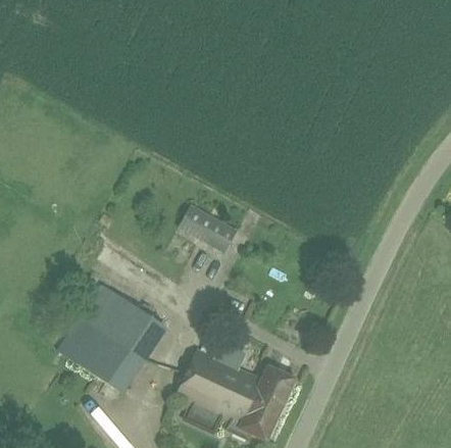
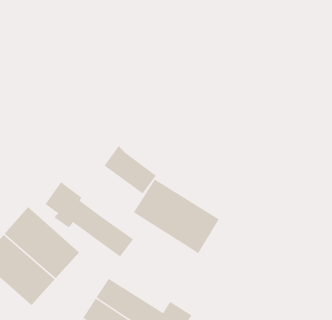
building: none -> [133,179,220,254]
building: none -> [44,181,134,258]

